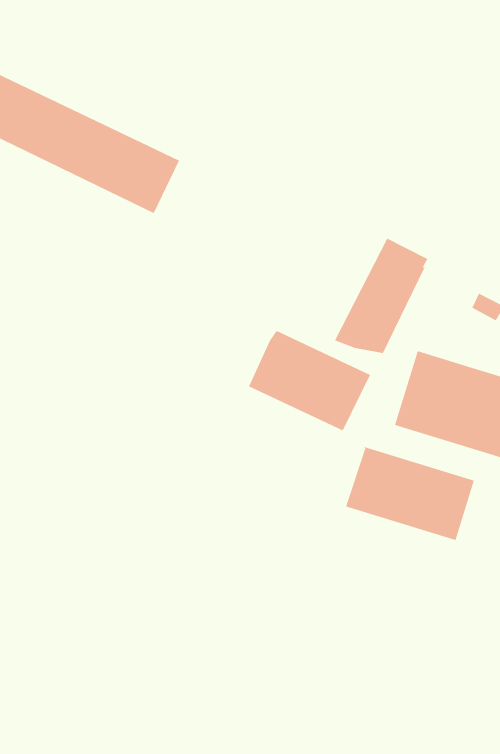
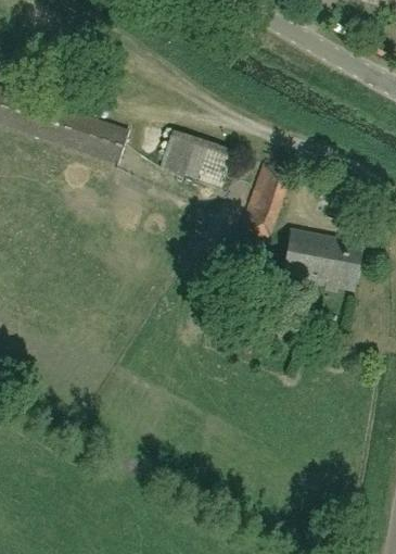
building: [248,330,371,431] -> [159,129,234,187]
building: [345,446,474,541] -> none

